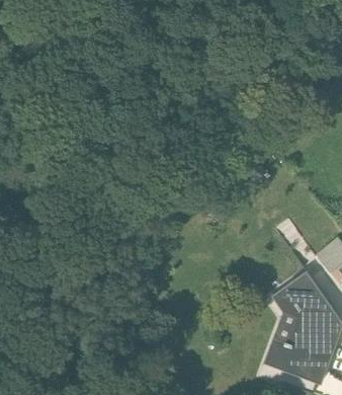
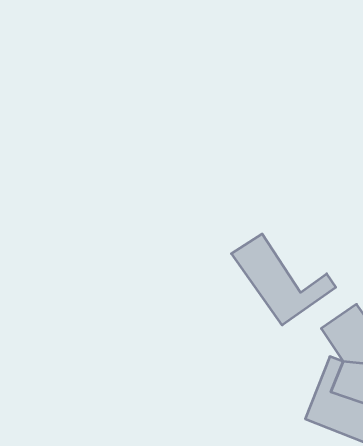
building: none -> [231,234,336,325]

